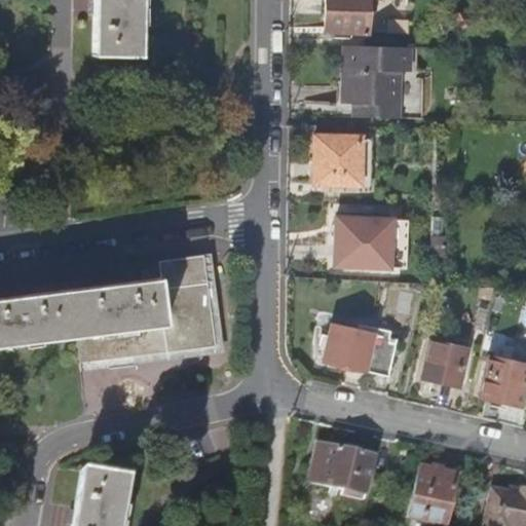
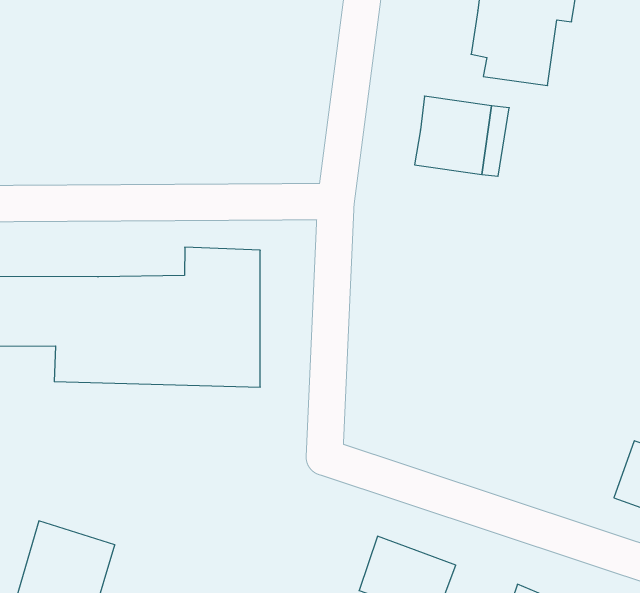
building: [333,216,391,267] -> none
building: [322,324,397,375] -> none
building: [420,340,466,386] -> none

